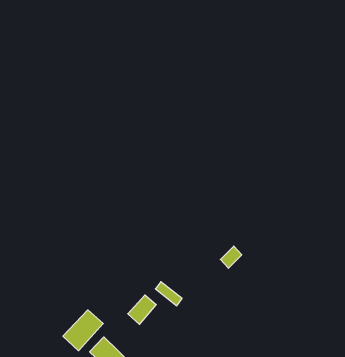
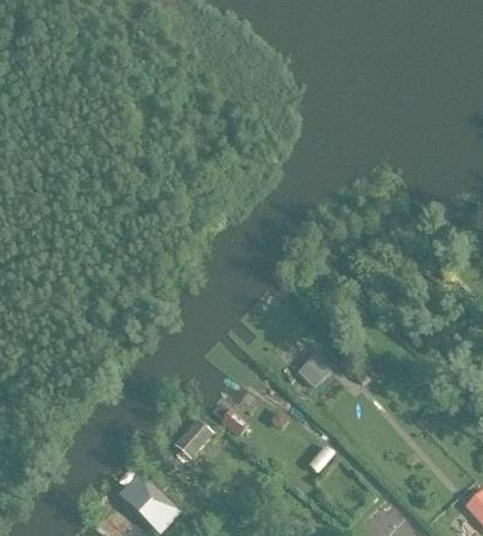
building: [63,310,103,351] -> none

